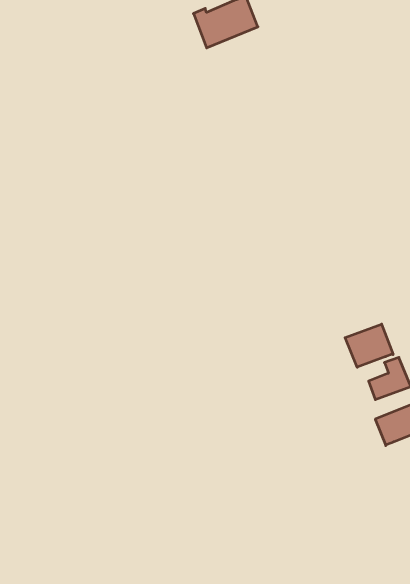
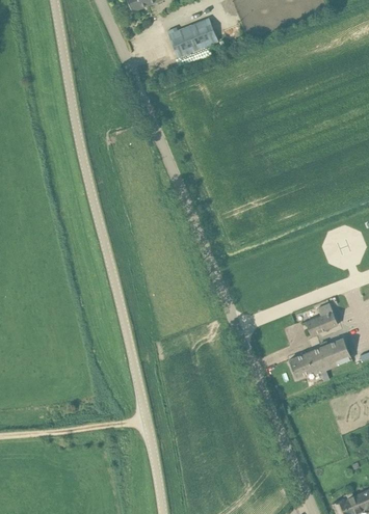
building: [345,324,393,367] -> none
building: none -> [290,351,320,376]

